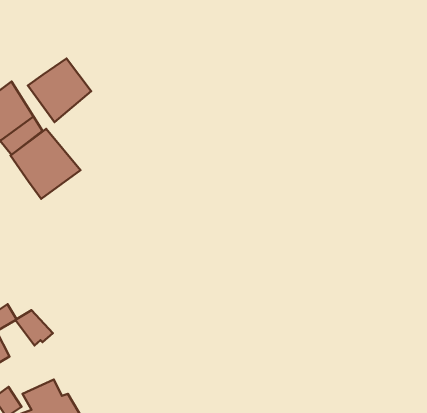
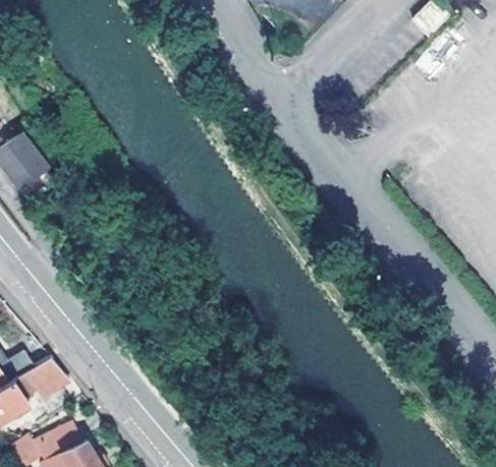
building: [28,58,91,122] -> none
building: [11,129,81,199] -> none

